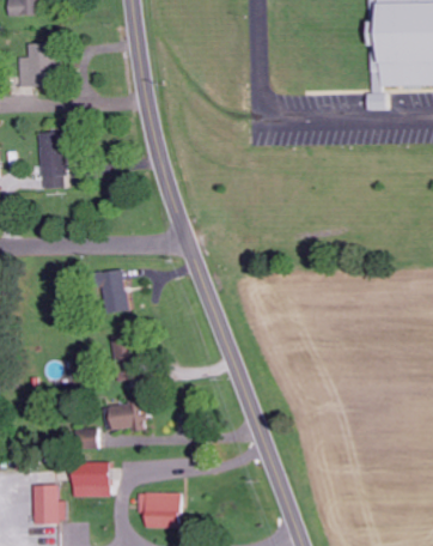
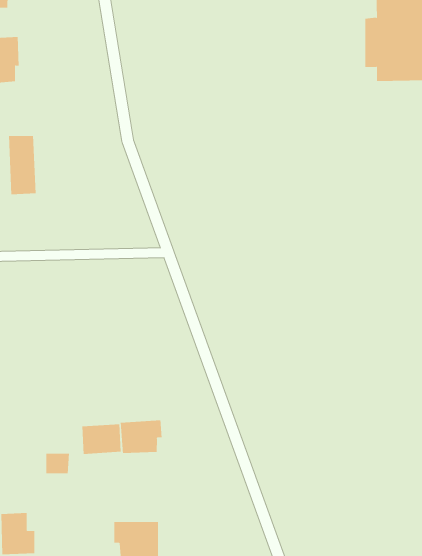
building: [91,269,127,314] -> none
building: none -> [120,419,162,454]
building: [71,462,109,497] -> none

